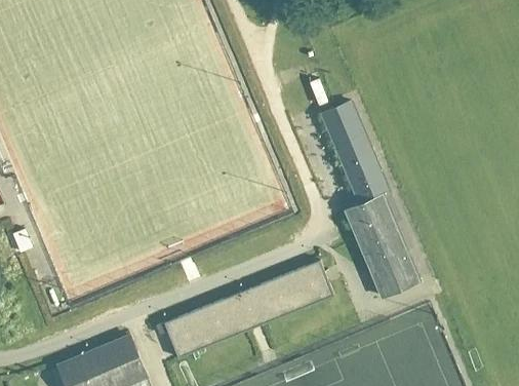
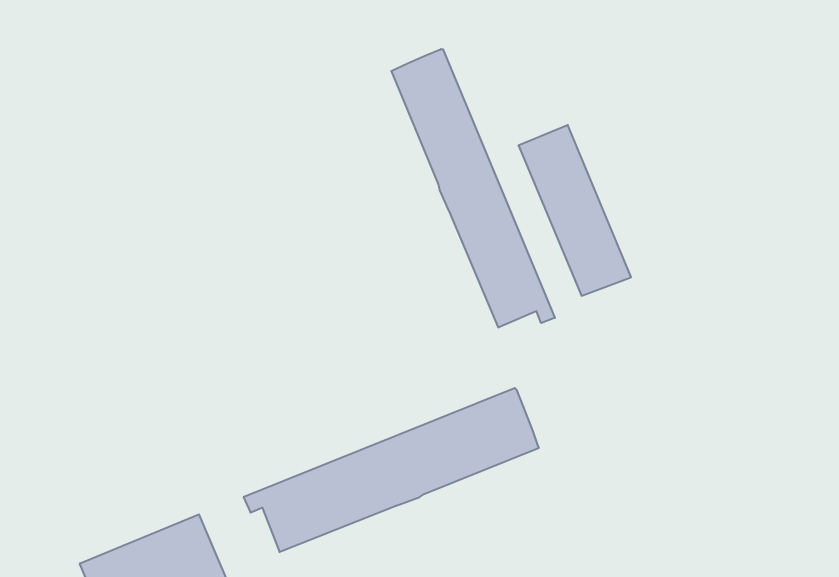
building: none -> [391,49,555,328]
building: [345,195,420,297] -> none

